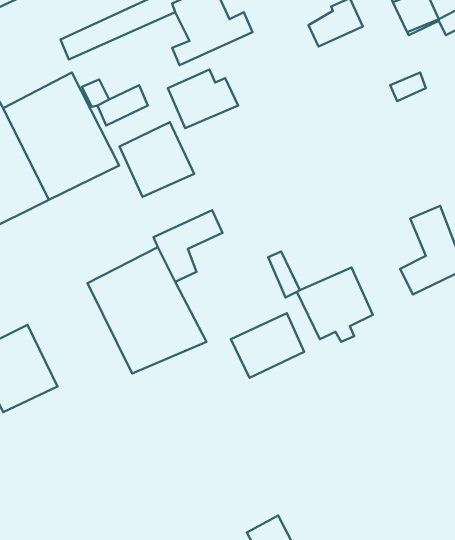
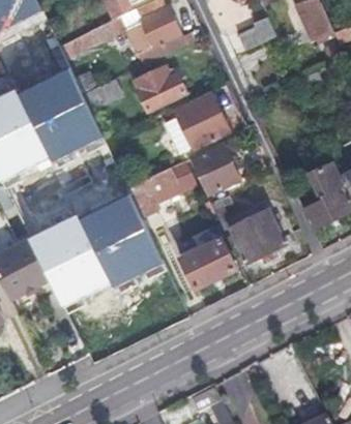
building: [120,122,194,197] -> [176,91,230,145]
building: none -> [192,144,238,191]
building: none -> [28,214,110,307]

